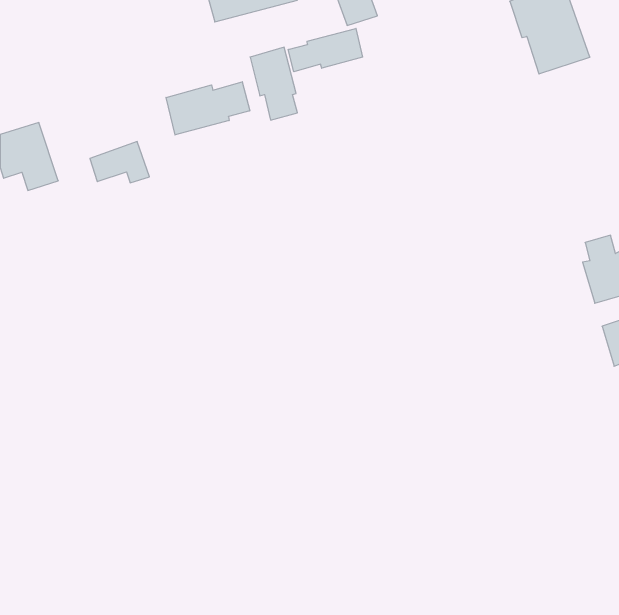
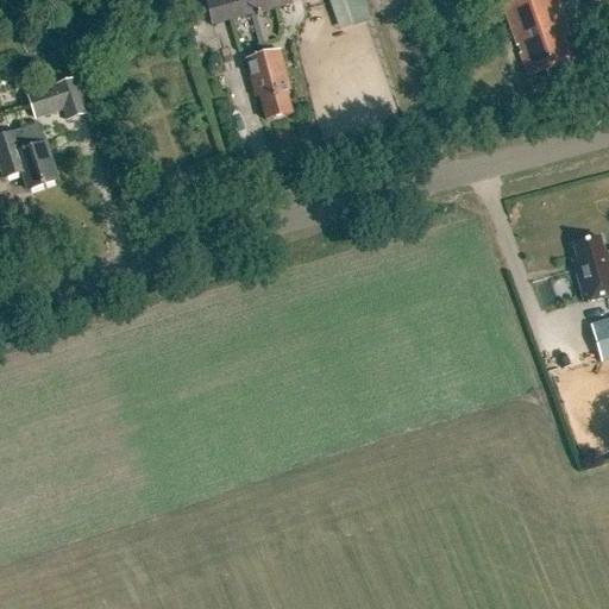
building: [288,28,363,72] -> none
building: [166,82,250,135] -> none
building: [90,142,149,183] -> [29,75,87,115]

